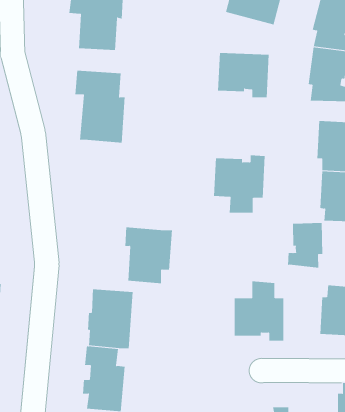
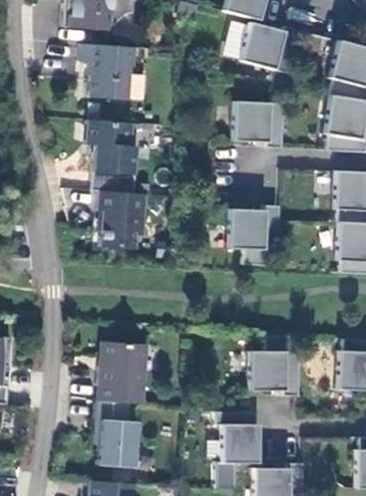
building: [287,222,323,268] -> none
building: [124,227,173,284] -> [97,191,146,249]
building: none -> [215,412,257,463]

